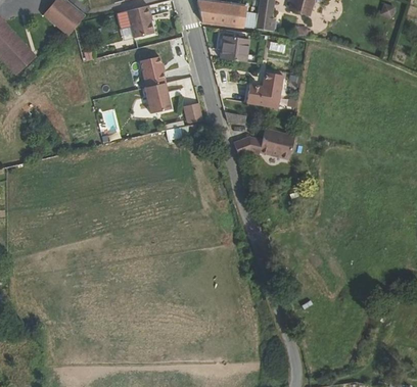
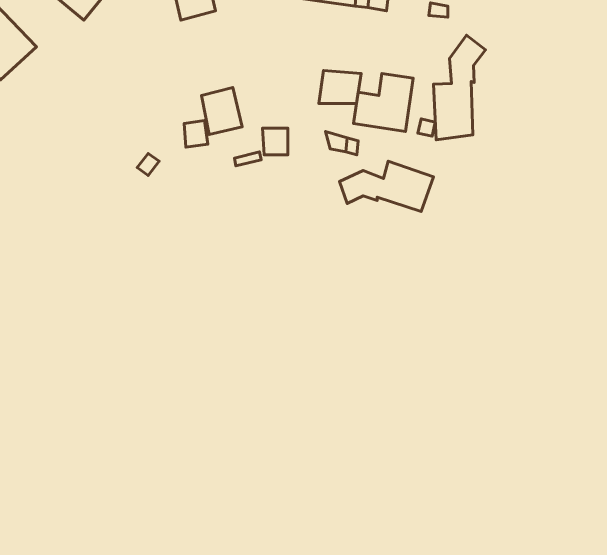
building: [221,34,248,55] -> [319,70,361,103]
building: none -> [434,35,486,140]
building: [138,53,165,85] -> none

